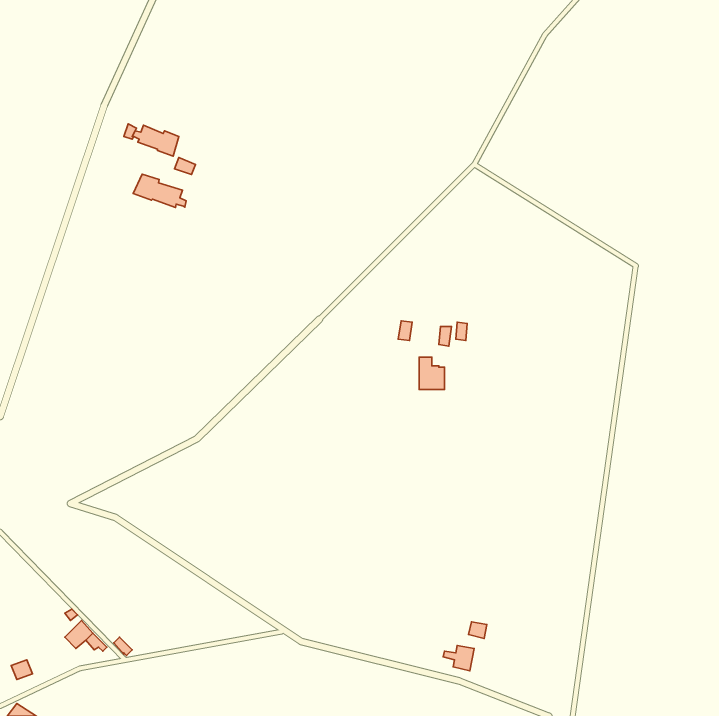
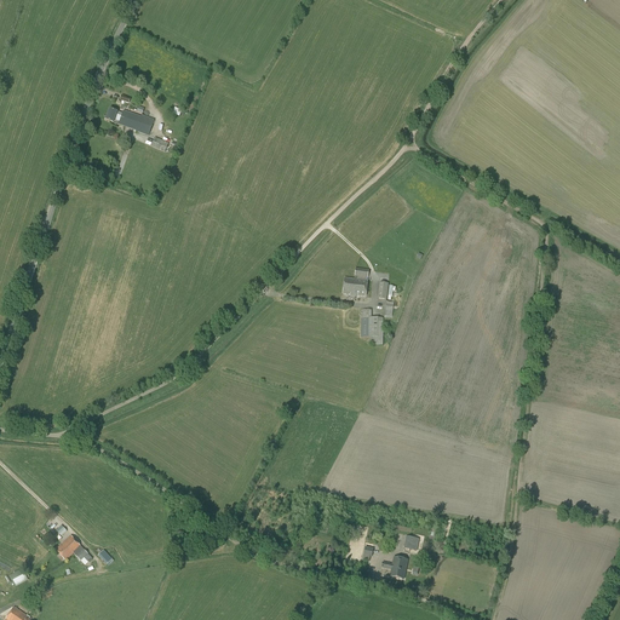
building: [133,174,186,208] -> none

